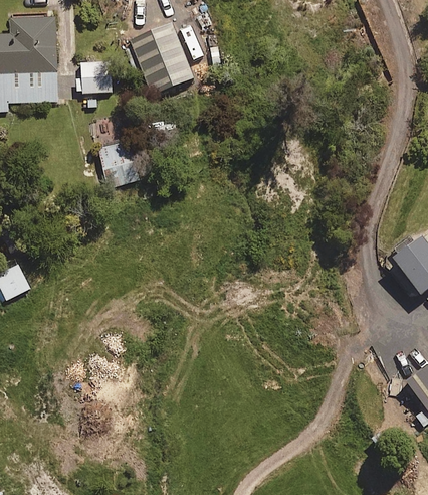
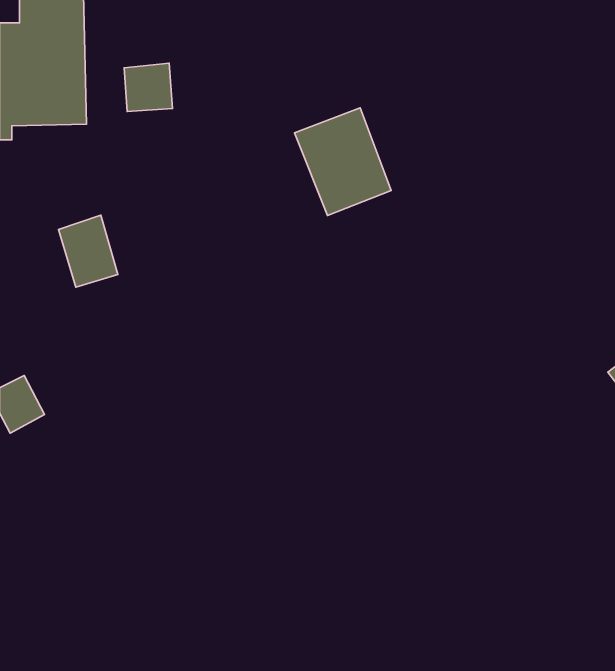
building: [130,24,192,94] -> [295,108,391,215]
building: [98,140,137,186] -> [59,215,118,287]

